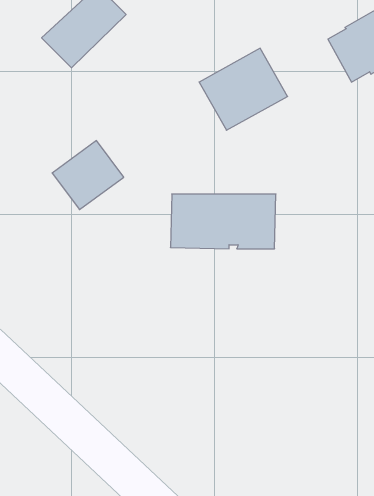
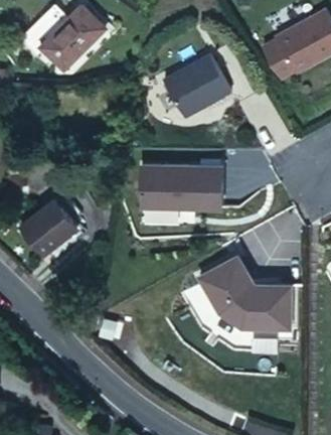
building: [52,141,124,210] -> [20,197,75,251]
building: none -> [199,256,291,330]

